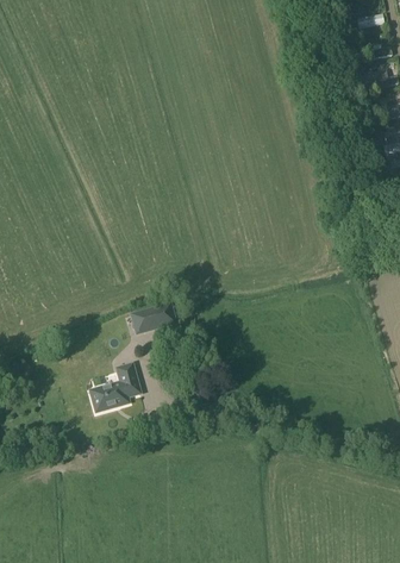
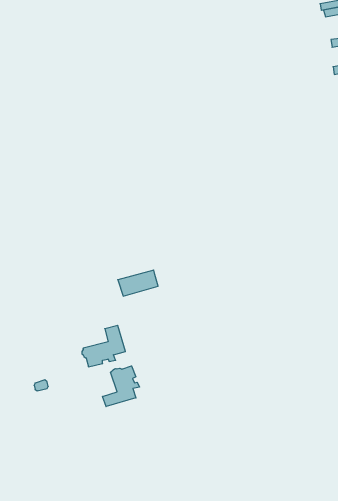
building: none -> [103,366,139,407]

